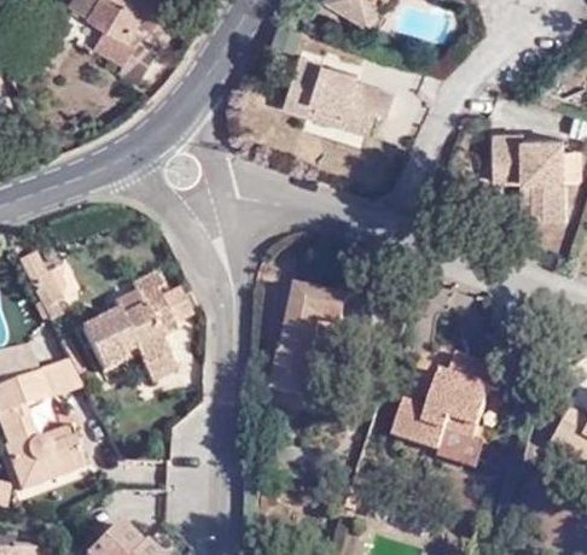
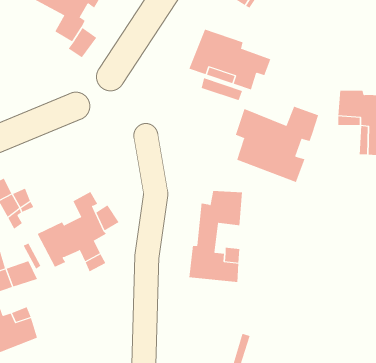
building: none -> [235,106,319,183]
building: [397,352,505,465] -> none

